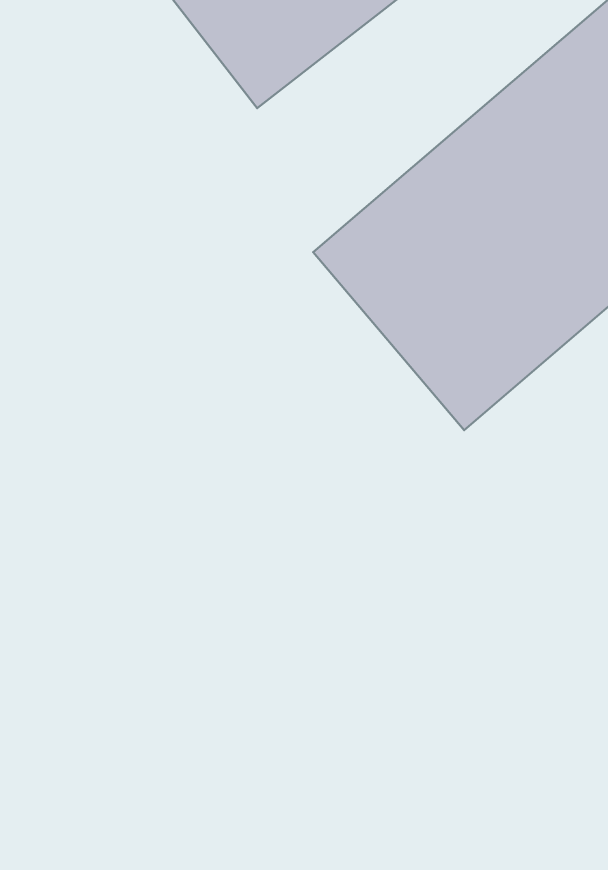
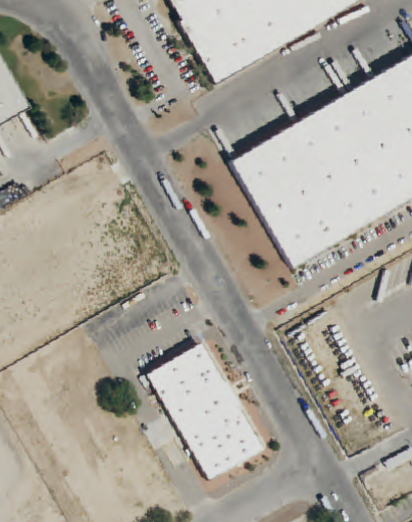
building: none -> [146,342,262,480]

